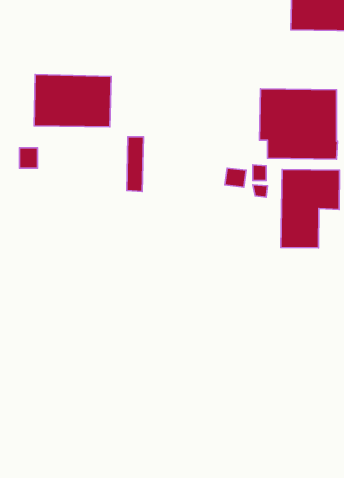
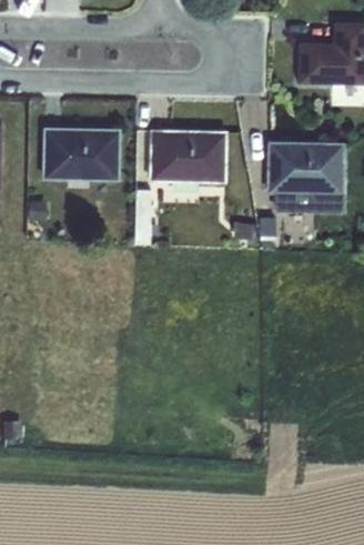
building: none -> [149,130,225,182]
building: [281,169,339,248] -> none

